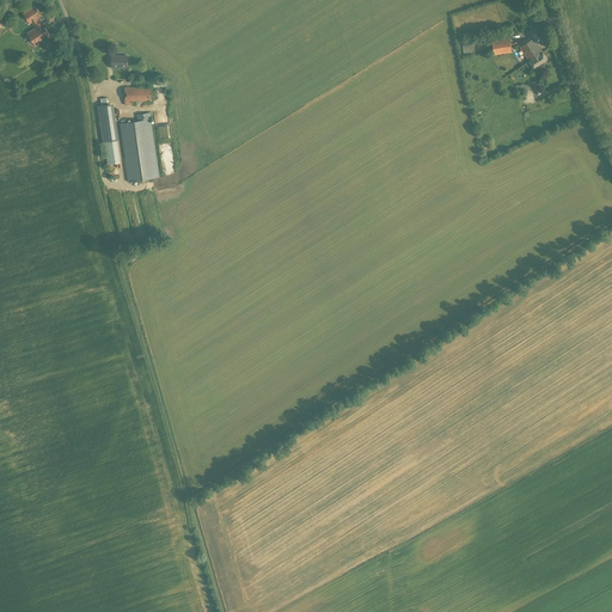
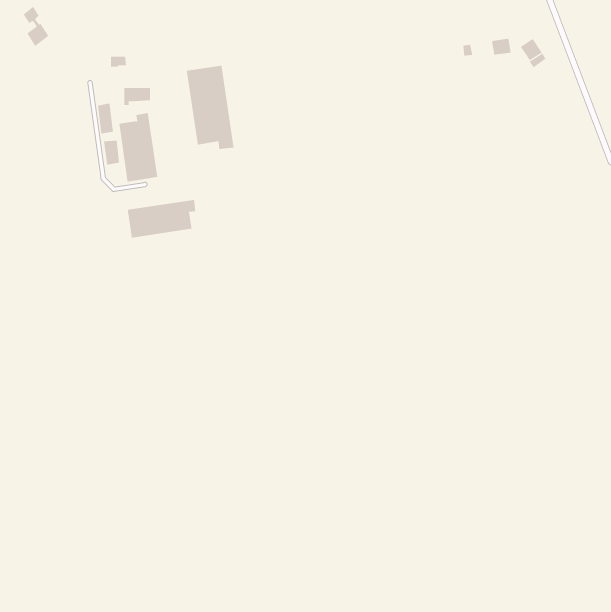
building: none -> [186,65,234,150]
building: none -> [127,199,196,239]

